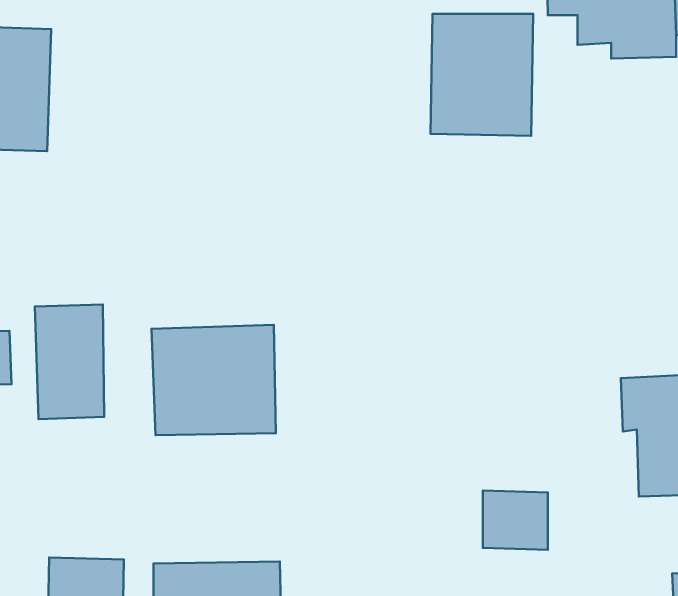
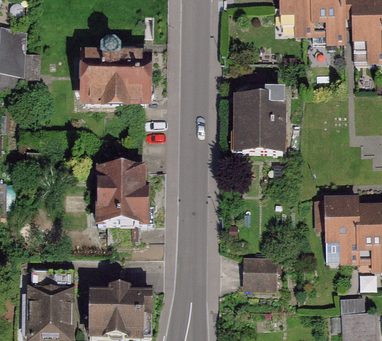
building: [431,14,533,136] -> [234,92,286,154]
building: none -> [70,55,146,107]
building: [35,304,104,419] -> none

